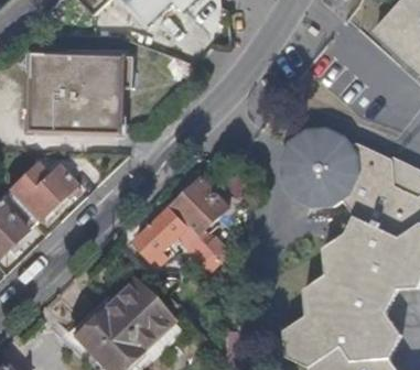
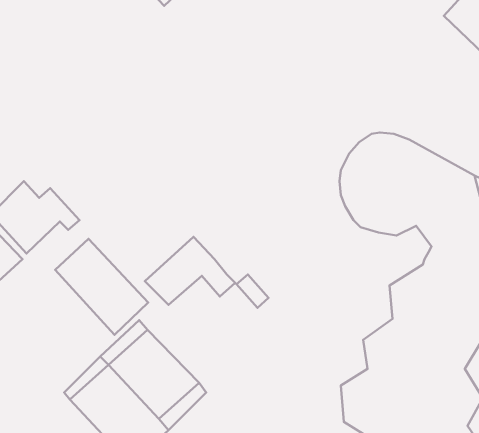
building: [31,53,134,134] -> none
building: [171,181,228,237] -> none
building: none -> [55,239,148,335]

